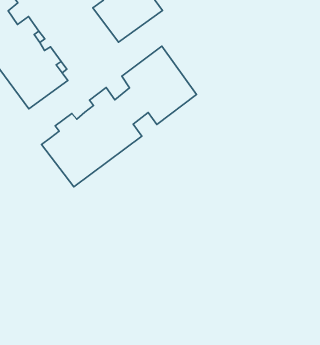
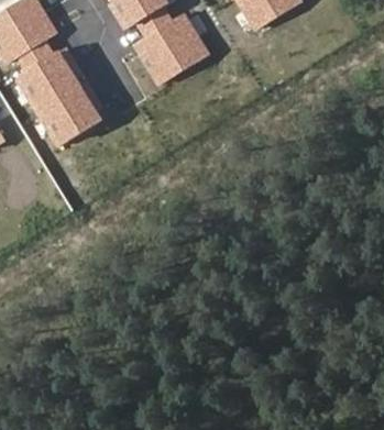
building: [41,46,197,187] -> none

